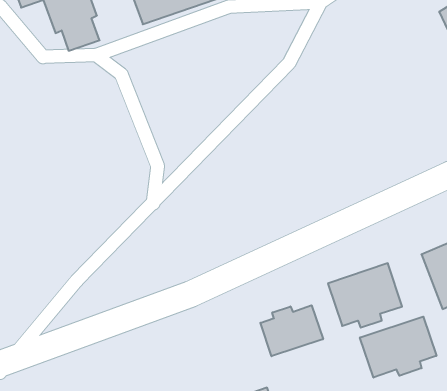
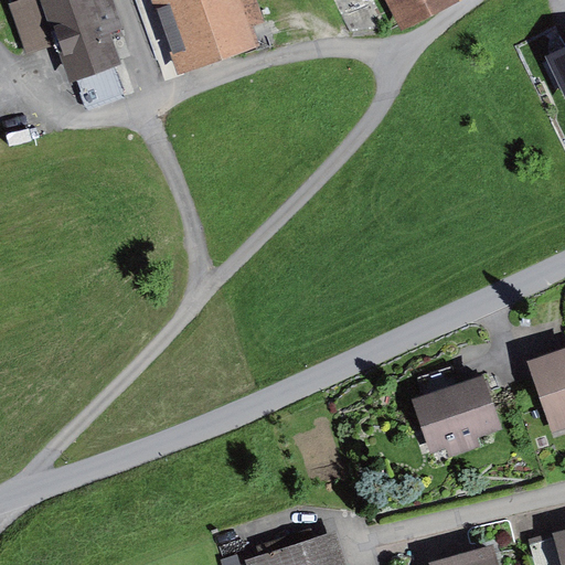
building: [260,305,323,356] -> none
building: [360,317,436,378] -> none

